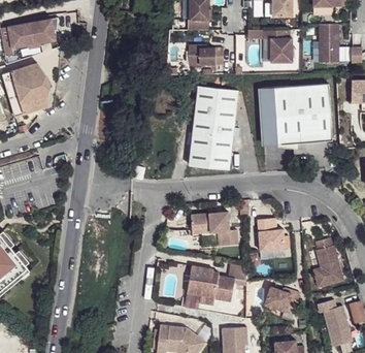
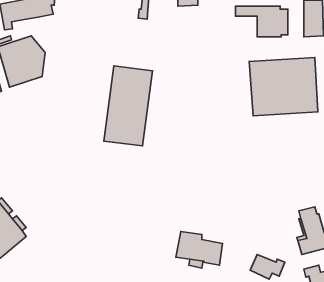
building: [187,44,222,64] -> none
building: [187,86,237,169] -> [104,66,152,146]
building: [190,213,236,246] -> none
building: [257,219,284,252] -> none

